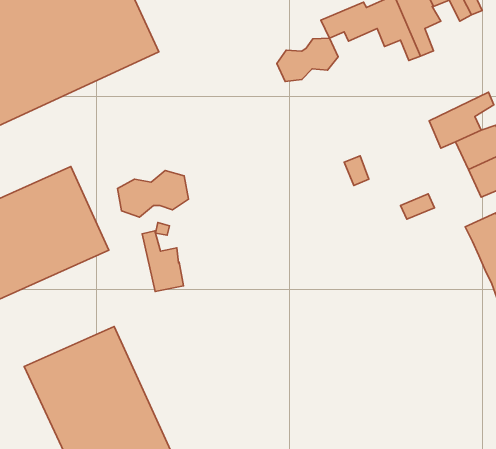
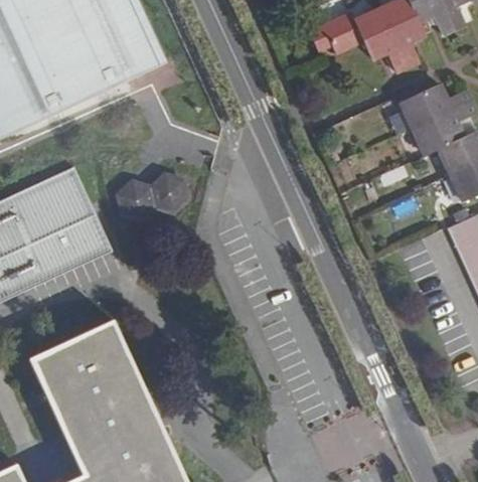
building: [277,38,338,81] -> none
building: none -> [402,84,470,127]
building: [142,231,184,291] -> none

